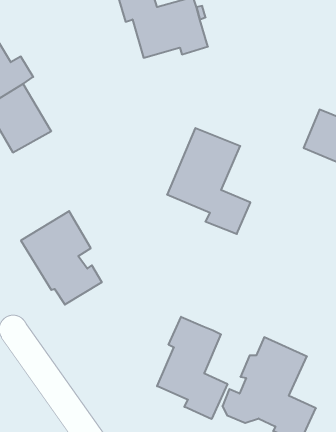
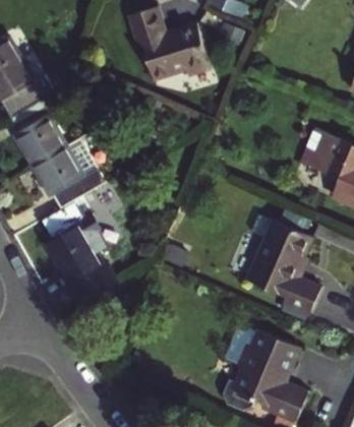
building: [167,128,250,234] -> [246,219,321,314]
building: none -> [35,144,109,206]
building: [157,317,227,419] -> none

